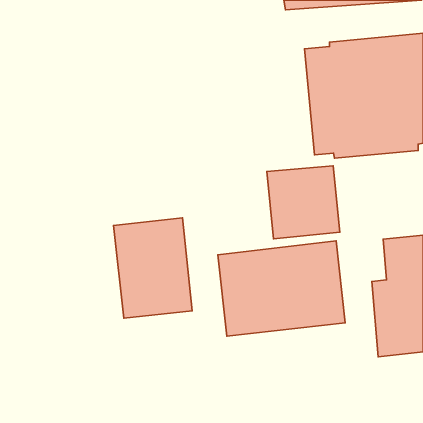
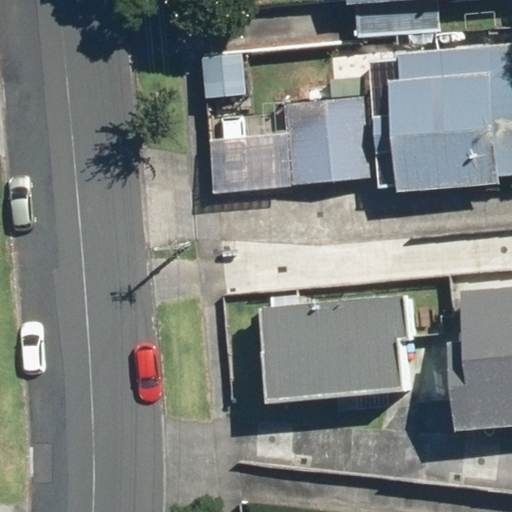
building: [267,166,340,239] -> [275,98,363,186]
building: [114,218,192,318] -> none

